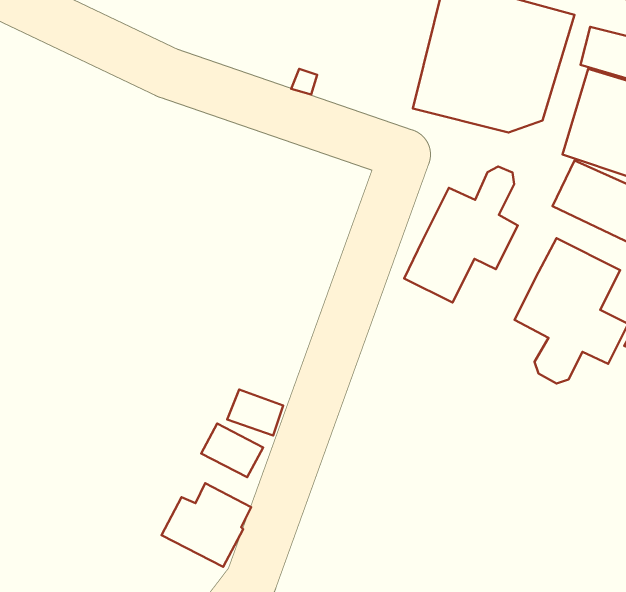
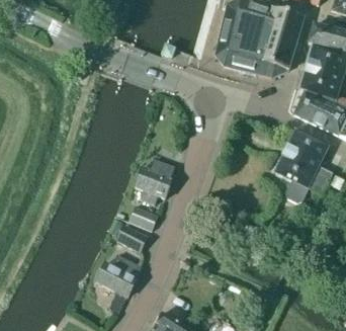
building: [404,166,518,303] -> none
building: none -> [134,159,174,203]

